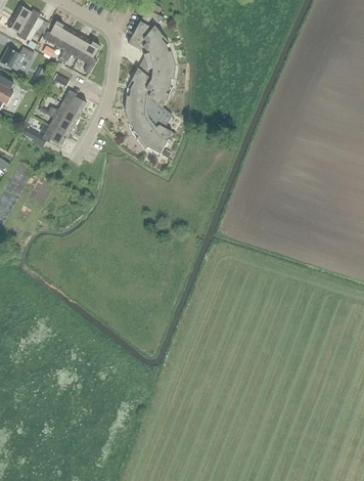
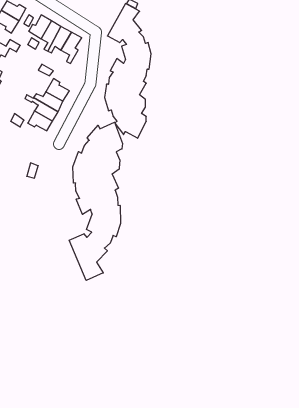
building: none -> [69,122,123,280]

